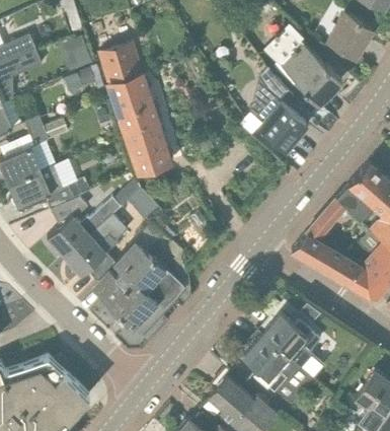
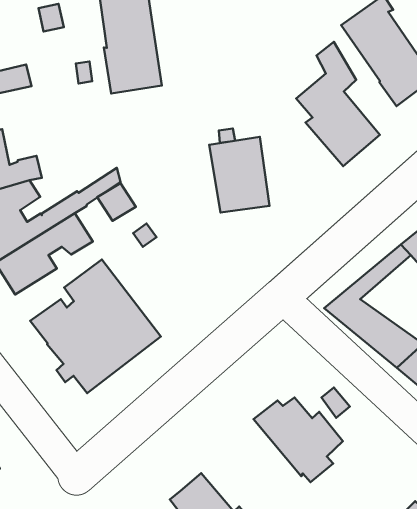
building: [123,118,170,173] -> [209,137,269,213]
building: [243,334,294,387] -> none

